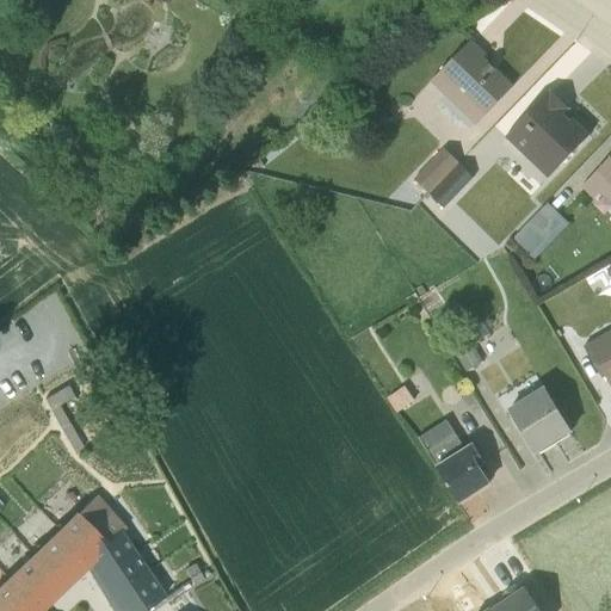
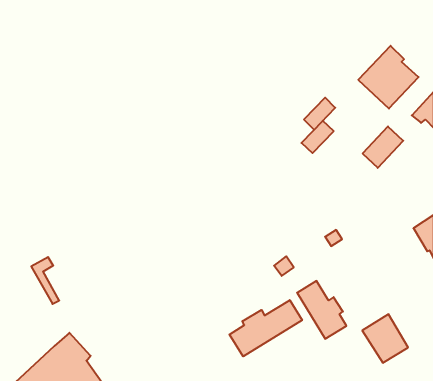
building: [431,41,512,125] -> none
building: [413,148,458,193] -> [301,121,334,153]
building: [507,385,572,453] -> [362,314,408,363]
building: none -> [229,300,302,356]

